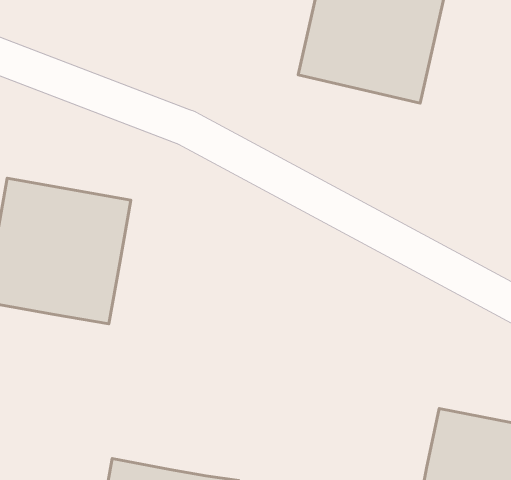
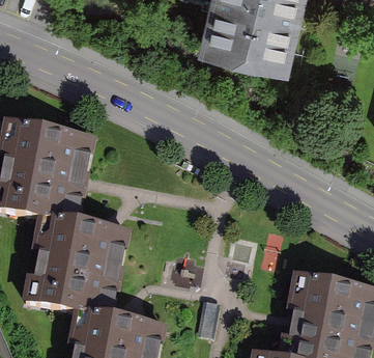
building: none -> [28,214,134,316]

